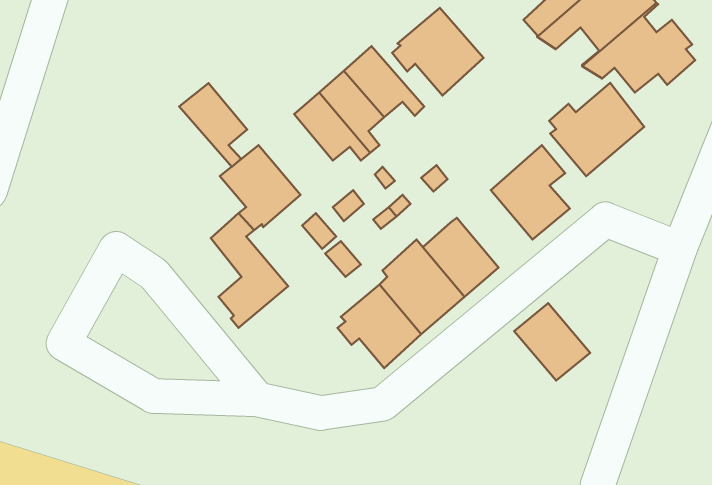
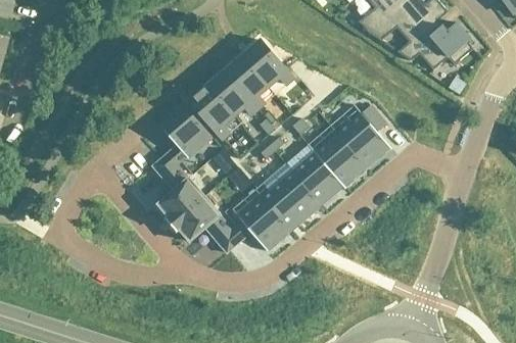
building: [392,8,483,95] -> none
building: [549,83,644,176] -> none
building: [179,83,247,167] -> [188,83,233,138]
building: none -> [171,196,245,251]
building: [514,303,590,381] -> [315,133,365,184]

